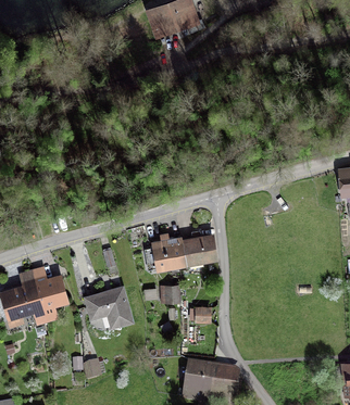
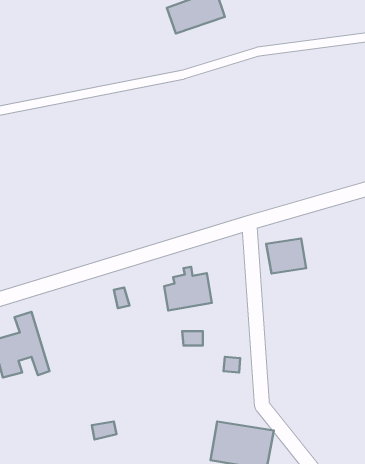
building: [182,233,215,263] -> [266,239,306,273]
building: [34,268,66,320] -> none
building: [86,287,133,326] -> none

